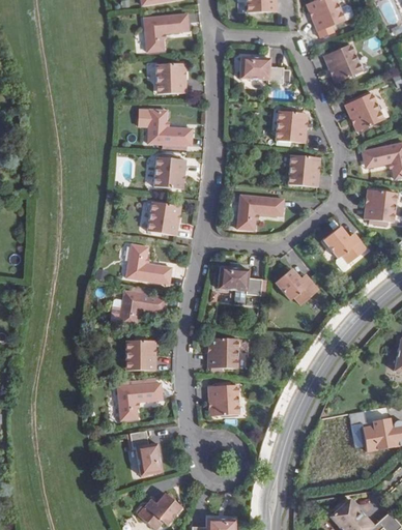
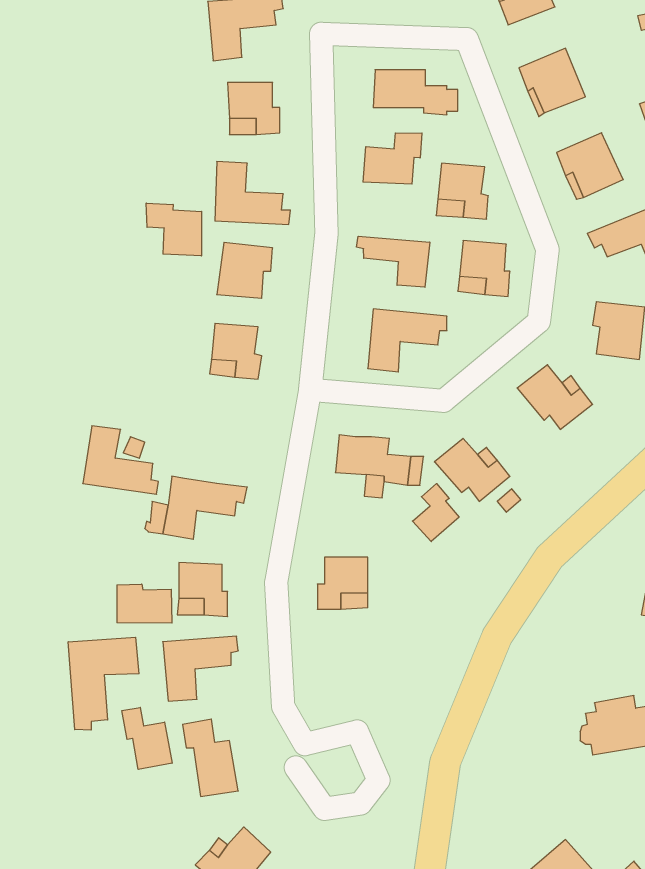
building: none -> [363,133,422,184]
building: none -> [146,203,202,256]
building: none -> [357,236,430,287]
building: [124,244,168,284] -> [83,426,158,494]
building: none -> [412,484,459,542]
building: none -> [117,584,172,623]
building: none -> [68,637,139,730]
building: [207,387,237,417] -> none
building: none -> [122,707,172,769]

